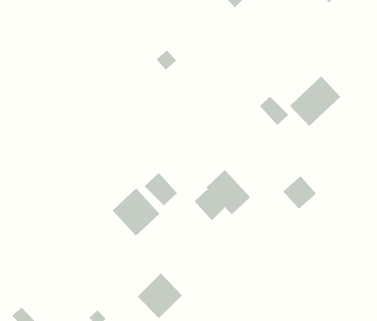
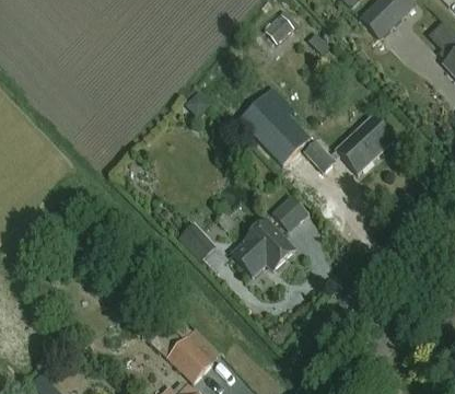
building: none -> [240,92,308,160]
building: [283,175,317,209] -> [270,194,307,231]
building: [112,188,160,236] -> none

